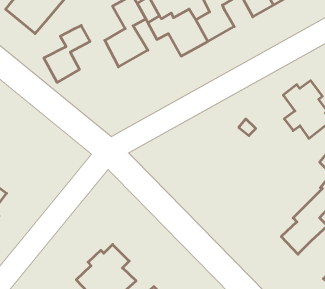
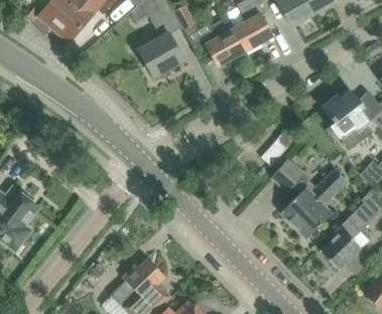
building: [44,25,90,82] -> none
building: none -> [270,158,304,193]
building: none -> [281,169,346,238]

